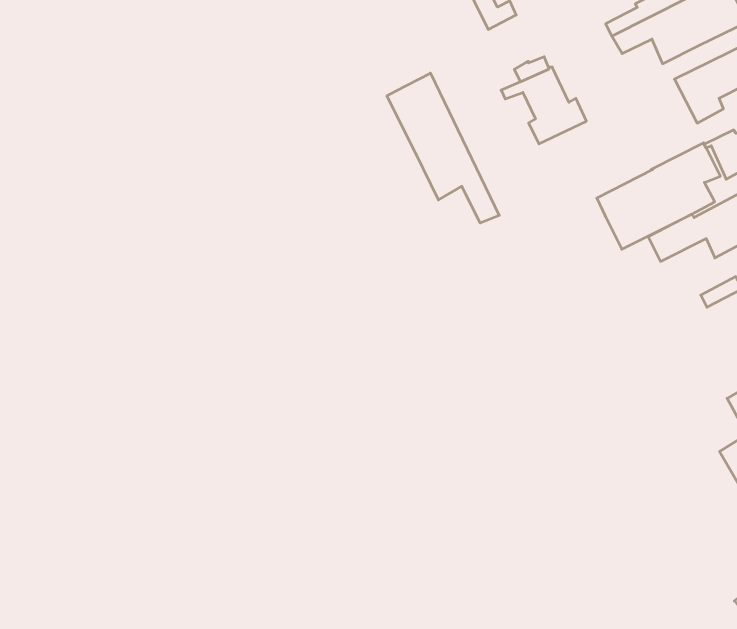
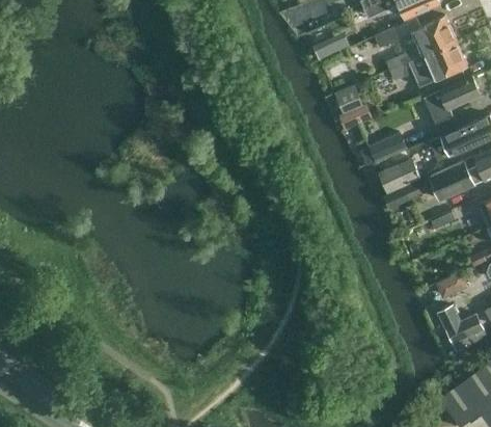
building: [387,73,499,223] -> none
building: none -> [359,132,409,167]

